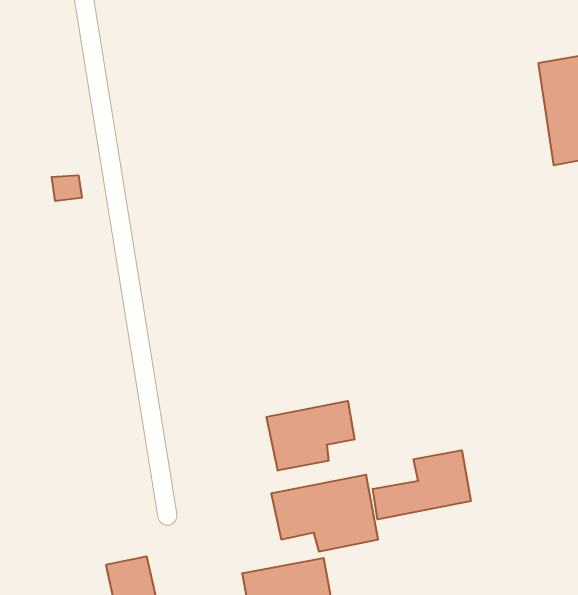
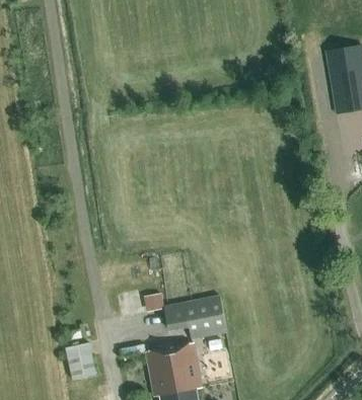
building: [267,401,354,471] -> none
building: [373,450,471,519] -> none

